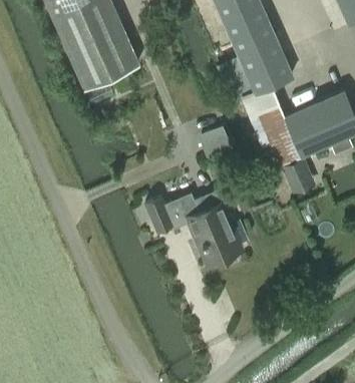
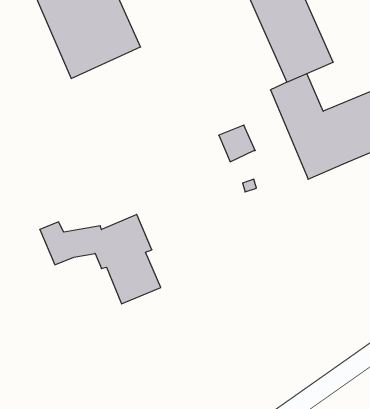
building: [281,157,315,195] -> none
building: [145,192,242,263] -> [40,214,161,304]

